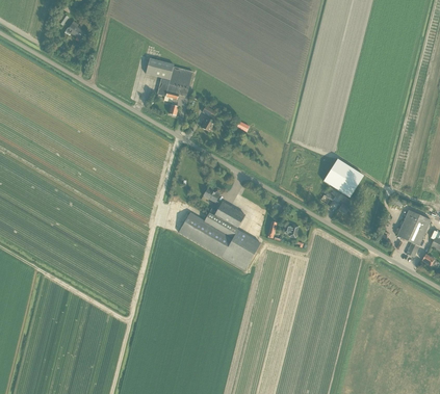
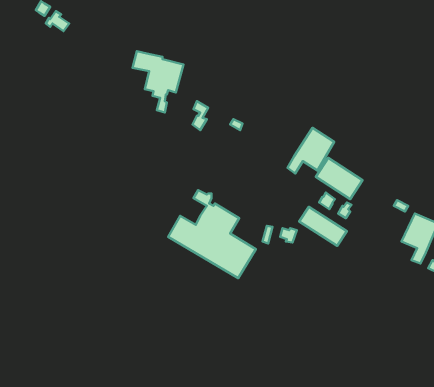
building: none -> [287,128,334,173]
building: none -> [299,207,347,246]

